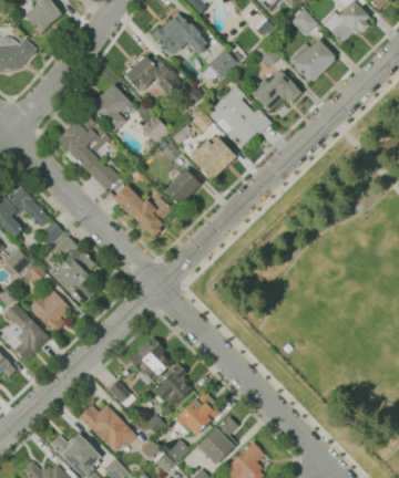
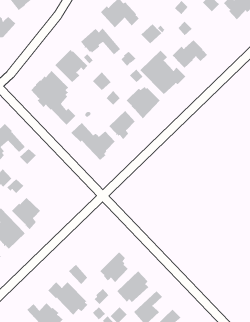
building: [288,38,335,81] -> none
building: [51,236,96,302] -> none
building: [129,336,172,383] -> none

